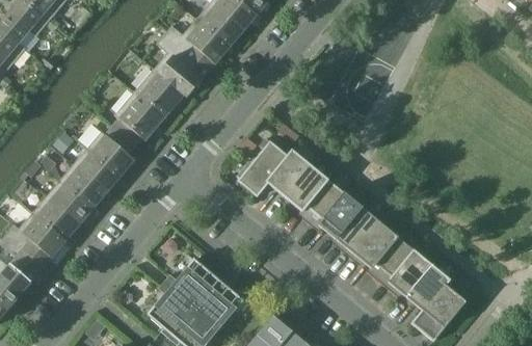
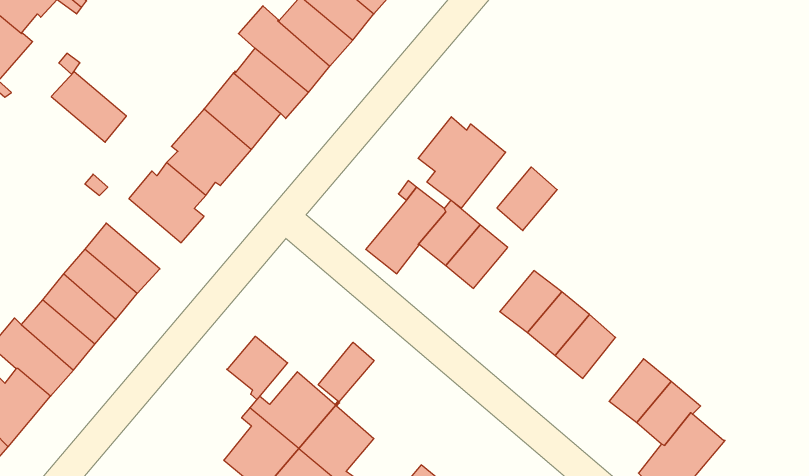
building: none -> [418,117,506,208]
building: [73,149,121,193] -> [51,72,126,142]
building: [307,180,345,220] -> [497,167,557,231]
building: none -> [227,336,288,400]
building: [376,237,415,277] -> none
building: none -> [318,342,374,402]

